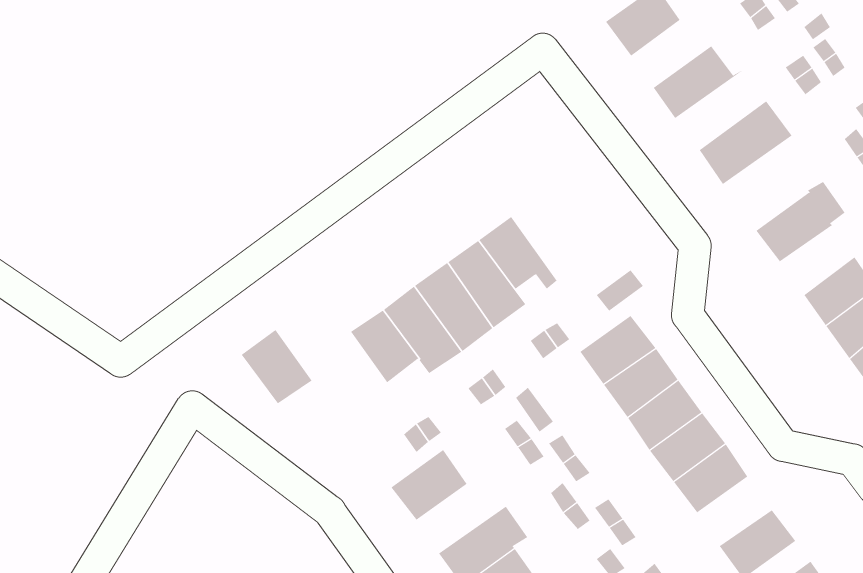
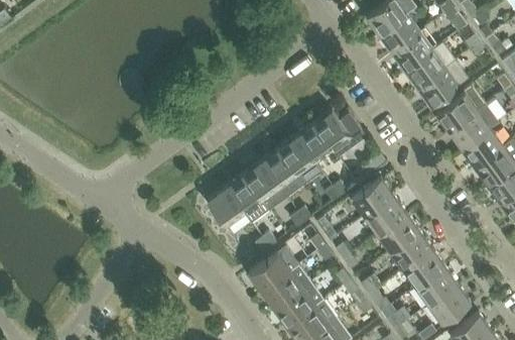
building: none -> [380,15,424,52]
building: none -> [404,42,455,87]
building: none -> [435,92,478,131]
building: none -> [314,110,366,158]
building: none -> [462,128,503,166]
building: [241,329,312,404] -> [207,187,246,228]
building: none -> [262,265,311,309]
building: none -> [416,266,458,305]

